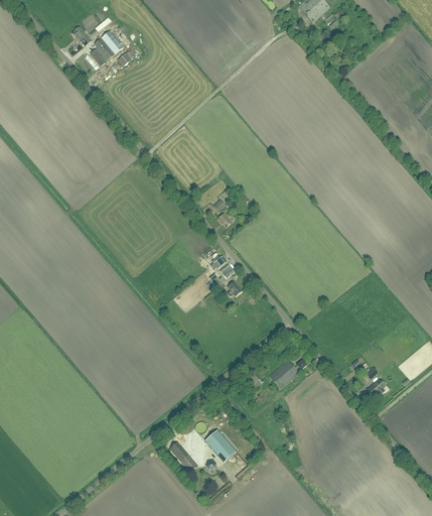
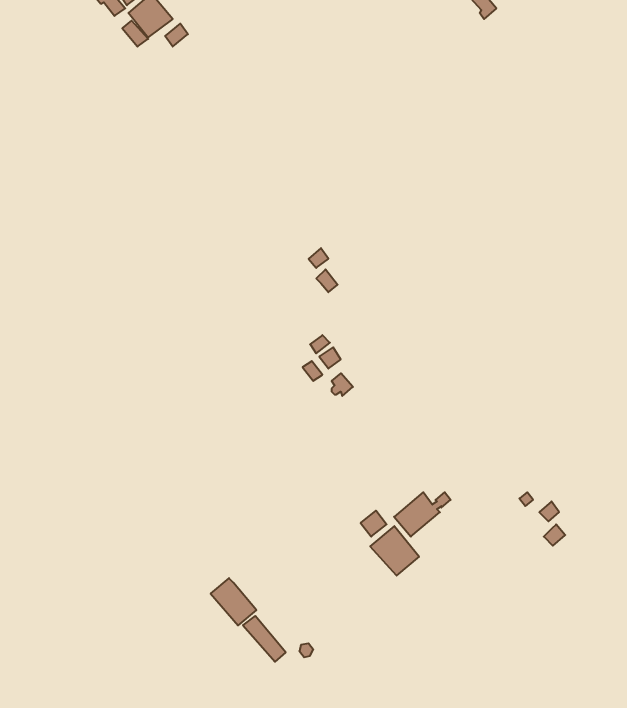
building: none -> [370,526,419,576]
building: [205,429,236,461] -> [211,578,256,625]

